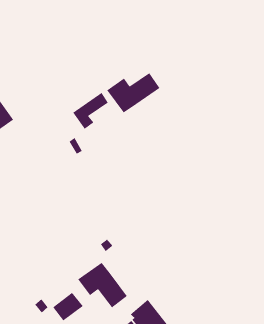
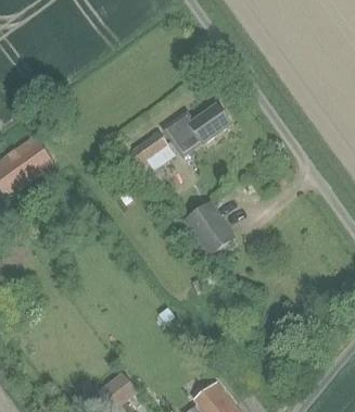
building: none -> [183,201,237,255]
building: [77,262,128,309] -> none

